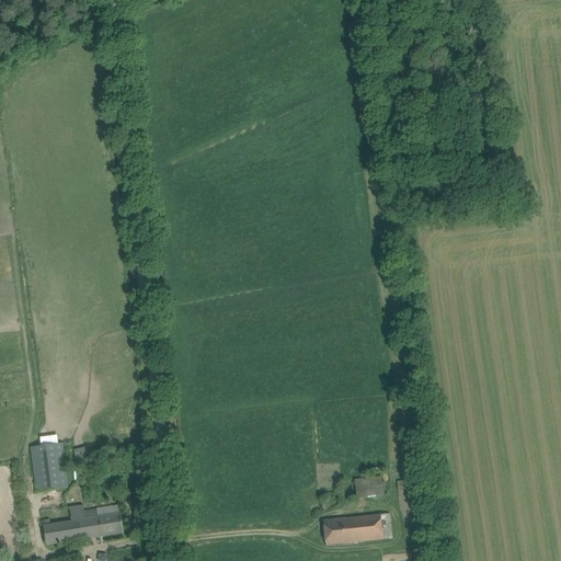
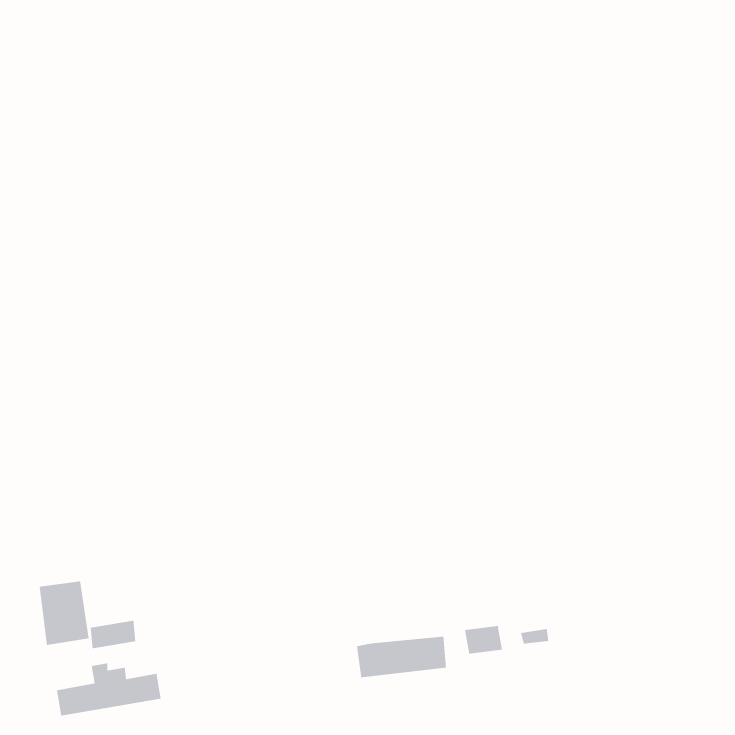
building: none -> [90,620,136,649]
building: [322,513,391,545] -> [356,636,447,678]

